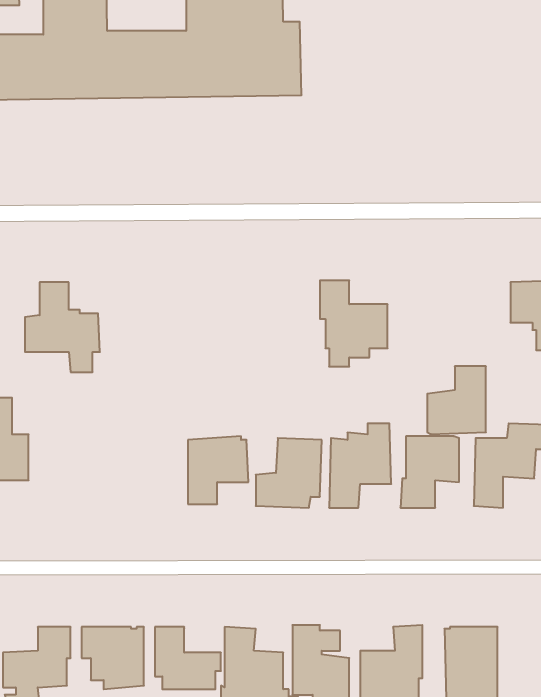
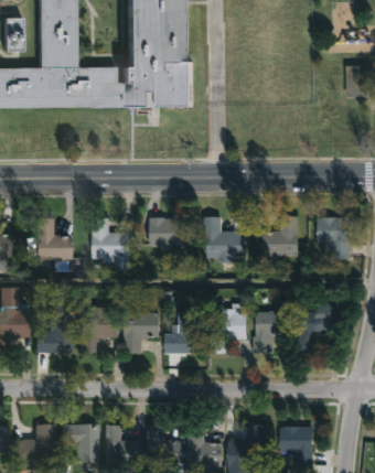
building: none -> [150,216,181,245]
building: none -> [93,217,130,269]
building: [427,366,486,434] -> [264,215,299,256]
building: none -> [78,300,121,353]
building: none -> [35,314,72,353]

